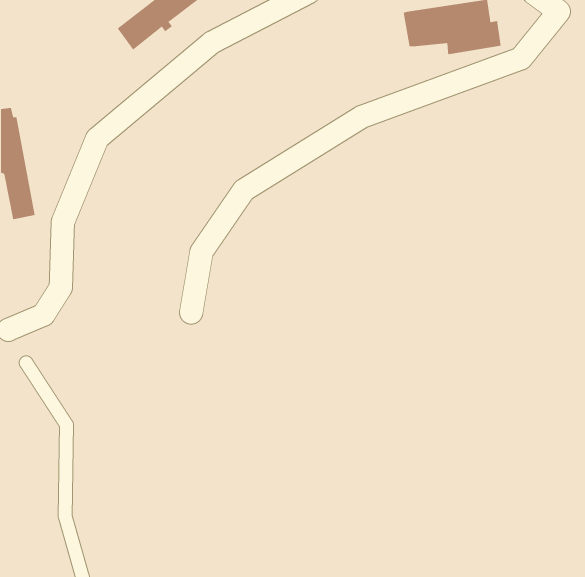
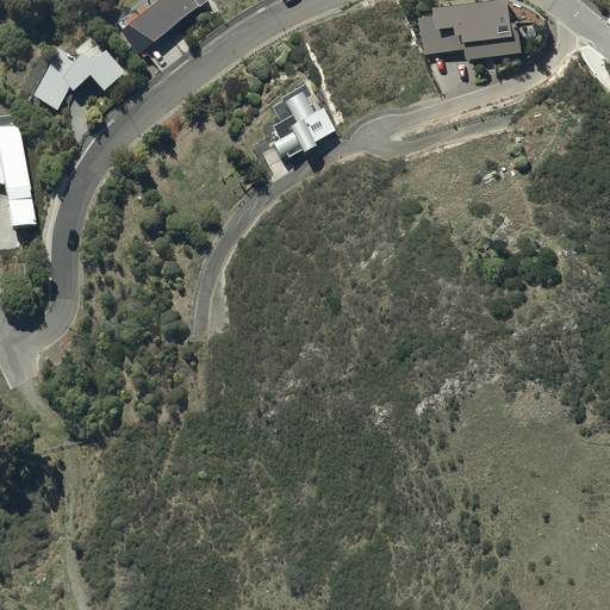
building: none -> [27,49,125,113]
building: none -> [269,92,334,155]

